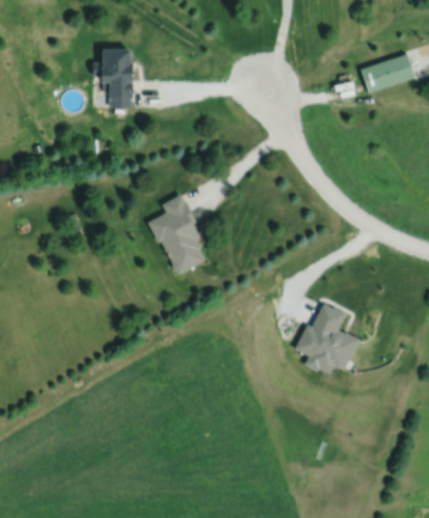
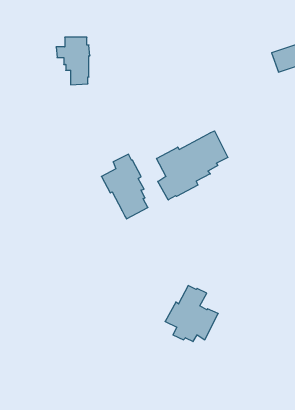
building: none -> [157,131,228,200]
building: [295,301,361,371] -> [165,286,218,342]

